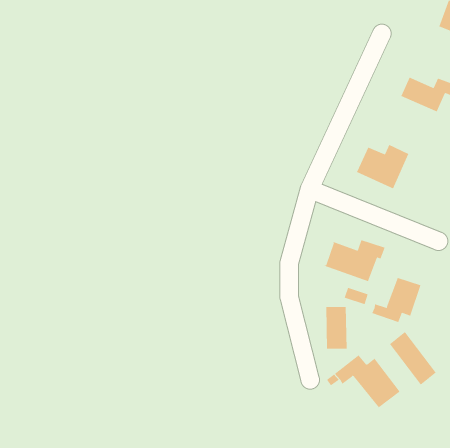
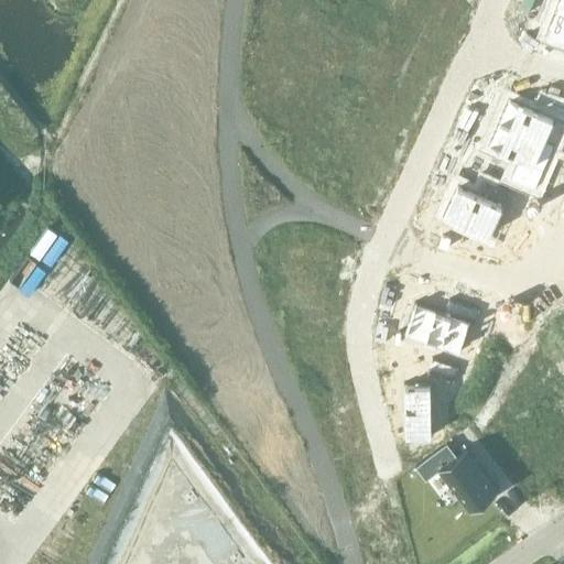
building: none -> [491,124,557,191]
building: [372,277,421,323] -> none
building: [389,331,437,385] -> none

